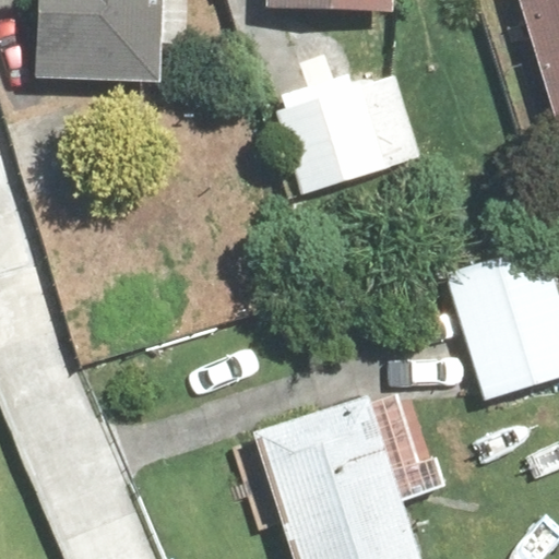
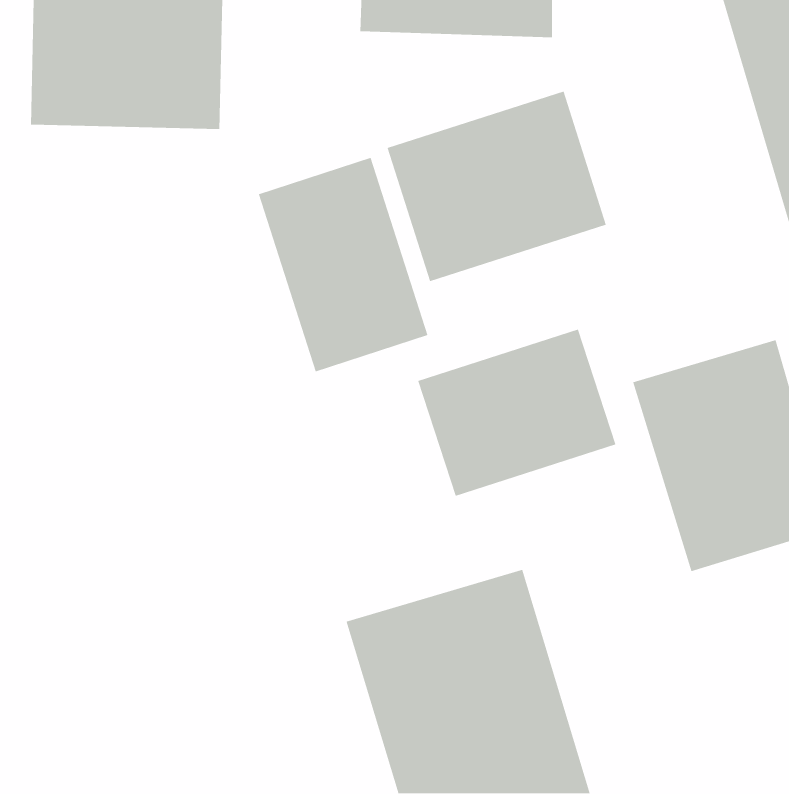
building: none -> [258,157,429,373]
building: none -> [417,329,616,497]

